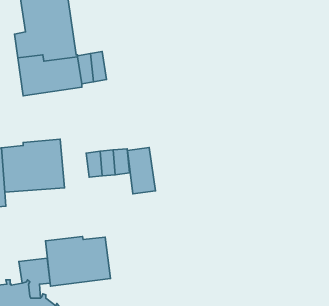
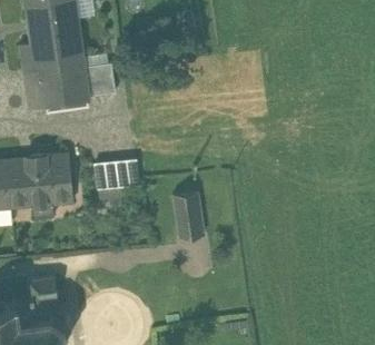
building: [127,147,156,194] -> [175,191,204,239]
building: [46,237,110,286] -> none

